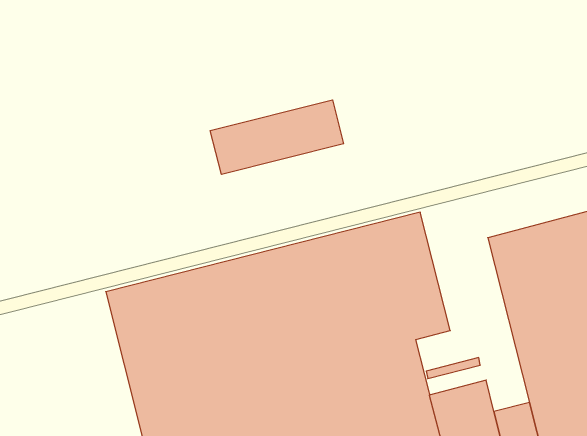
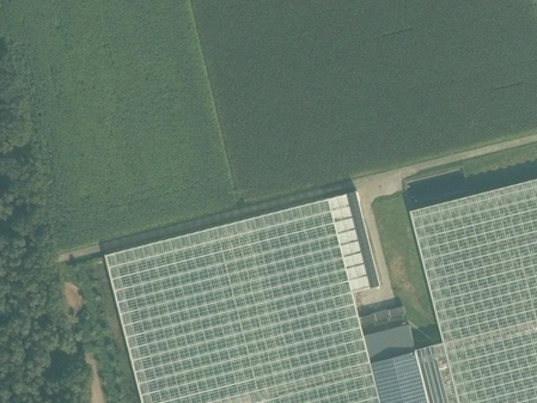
building: [210,100,344,174] -> none

